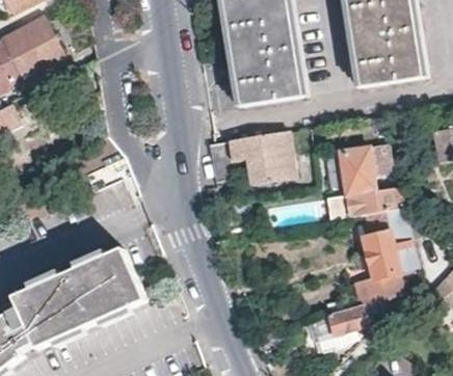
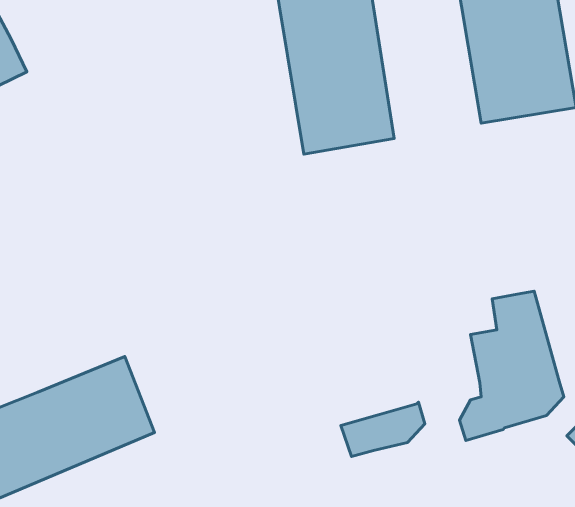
building: [206,129,291,182] -> none
building: [323,141,400,218] -> none
building: [328,296,384,332] -> [341,402,425,457]

